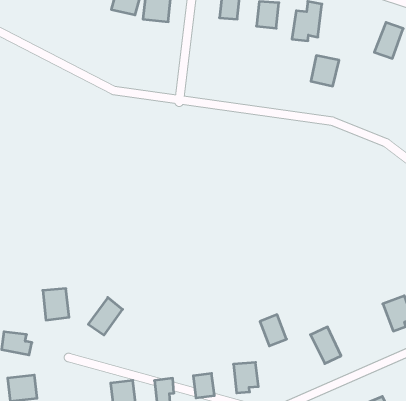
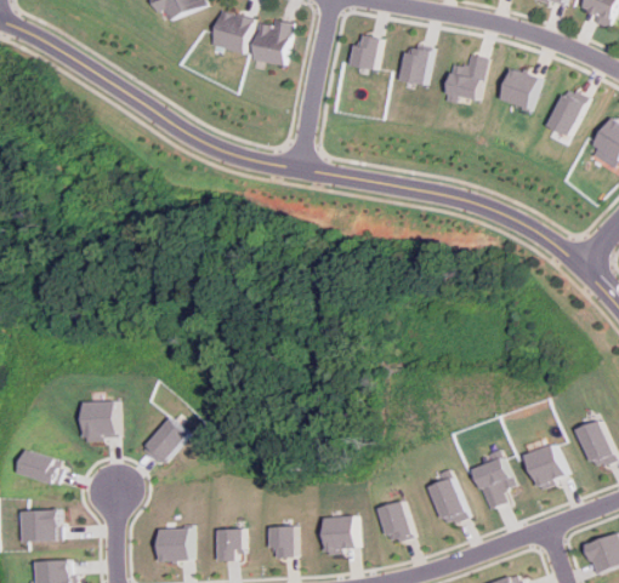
building: [311,56,339,86] -> [495,69,534,110]
building: none -> [476,458,515,509]
building: [260,315,287,346] -> [381,501,414,541]

